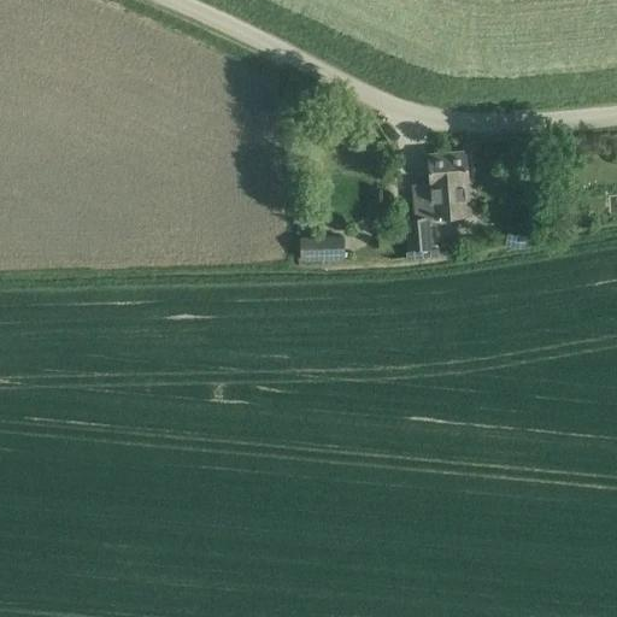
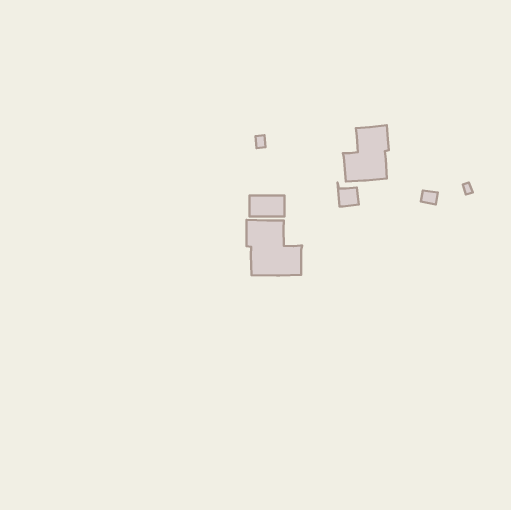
building: none -> [246,220,302,276]

